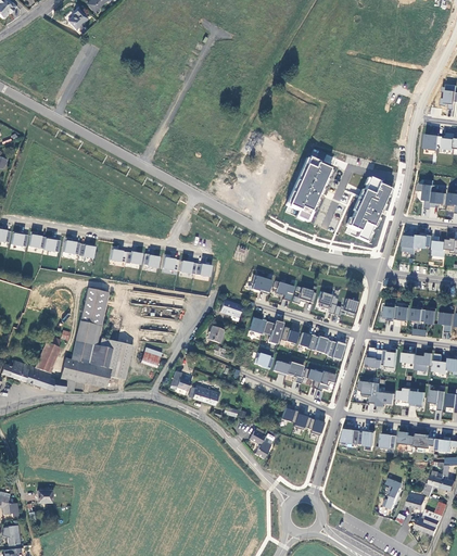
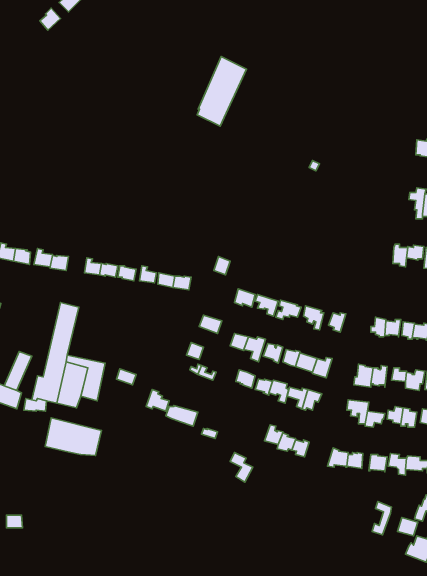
building: [284,155,331,222] -> [197,57,246,126]
building: [345,176,392,241] -> none
building: none -> [45,418,101,456]

